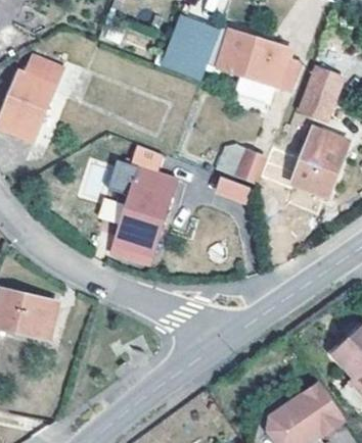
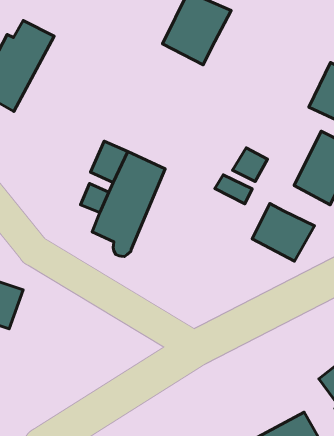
building: [206,28,296,90] -> none
building: none -> [252,204,315,261]

